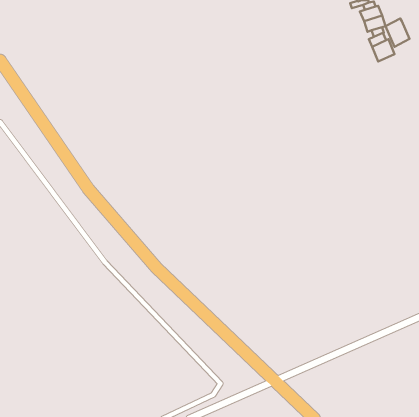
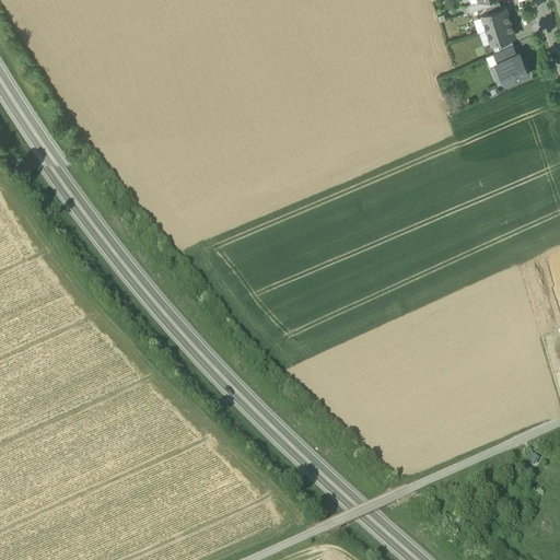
building: [385,18,410,47] -> none

